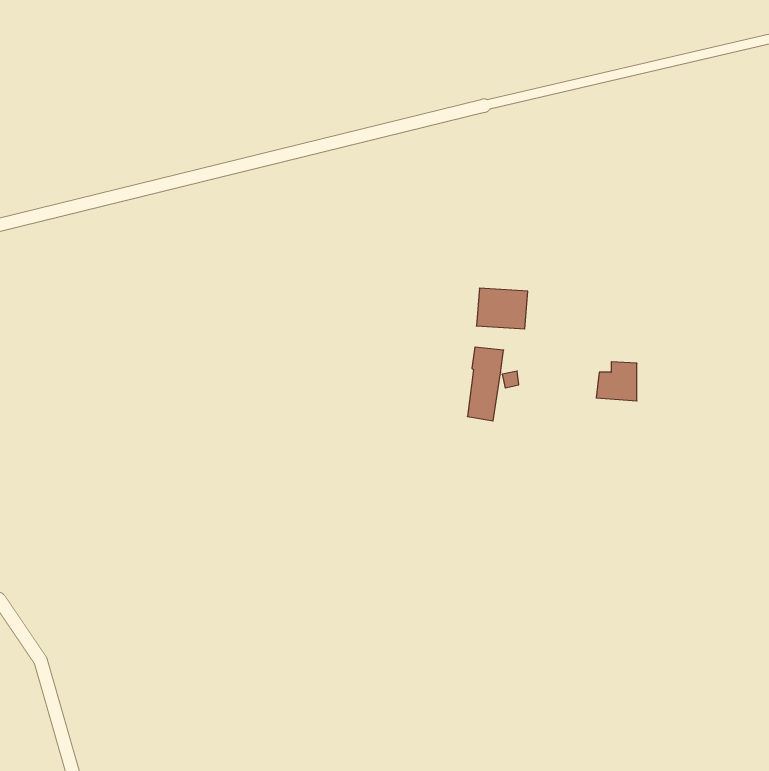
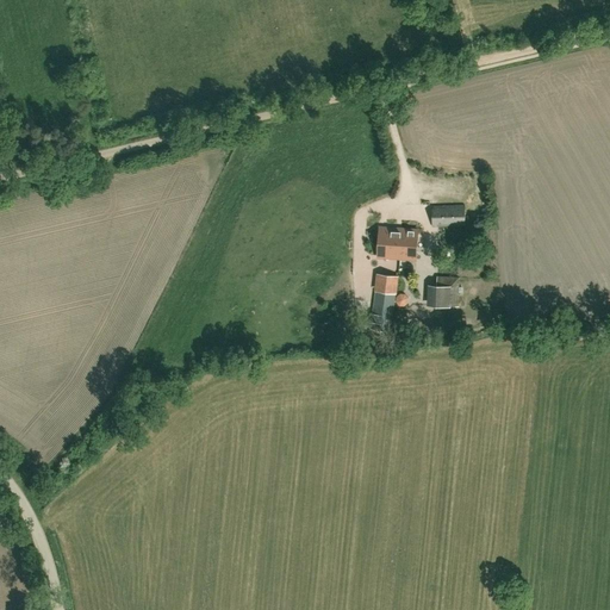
building: none -> [431,205,465,226]
building: [596,362,637,401] -> [425,276,458,307]

